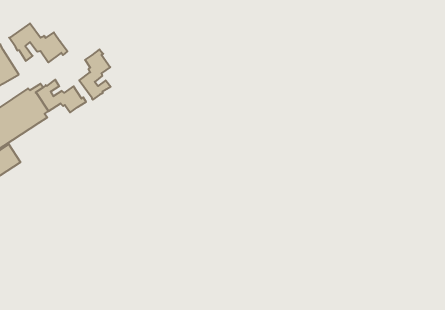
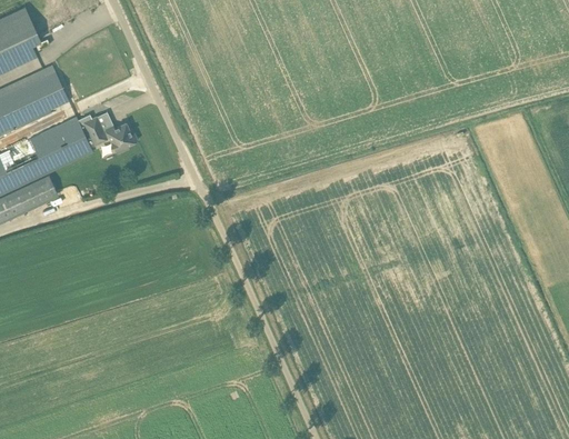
building: [9,23,67,62] -> none
building: [79,49,111,100] -> none

